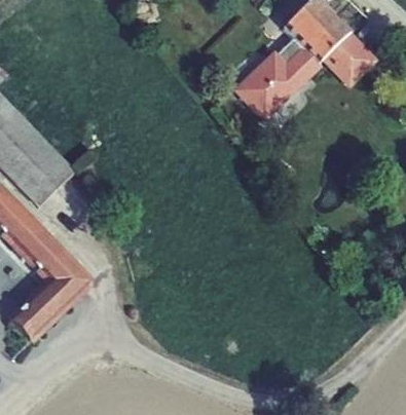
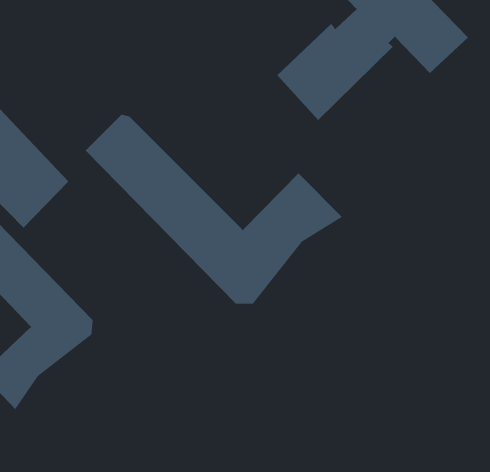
building: none -> [85,114,343,305]

